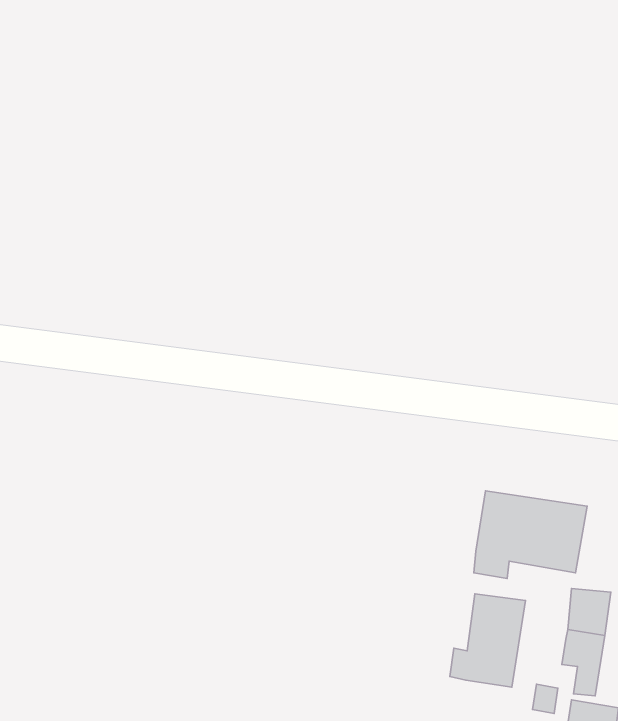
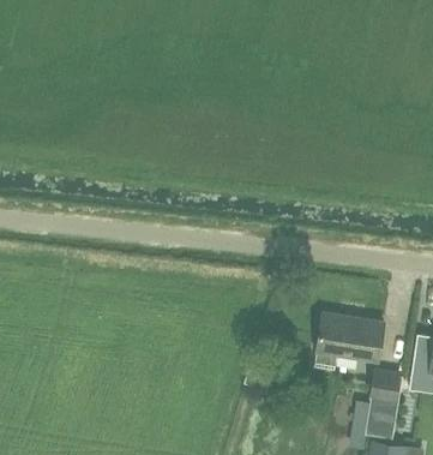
building: [450,594,526,687] -> none

